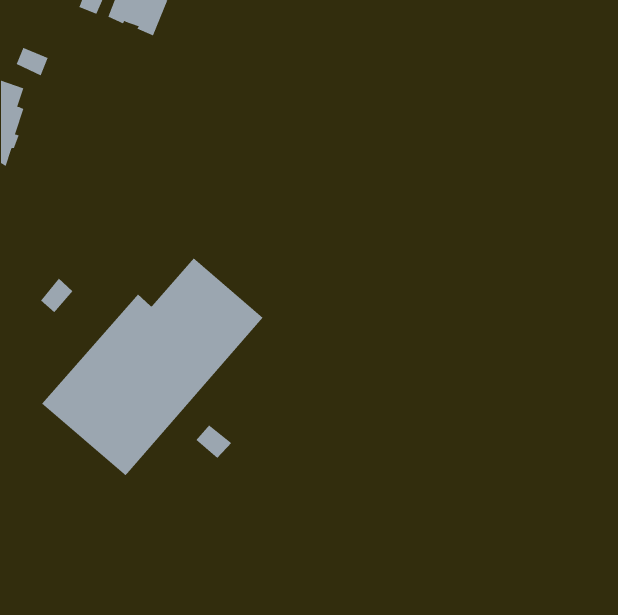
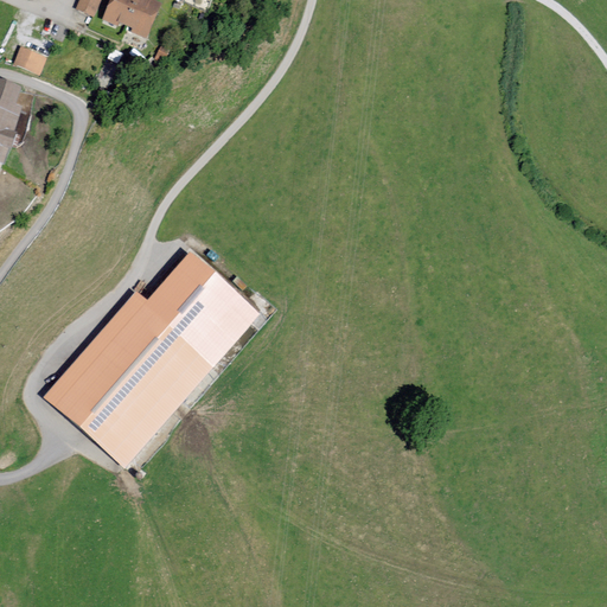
building: [40,278,73,313] -> none
building: [196,425,232,459] -> none

